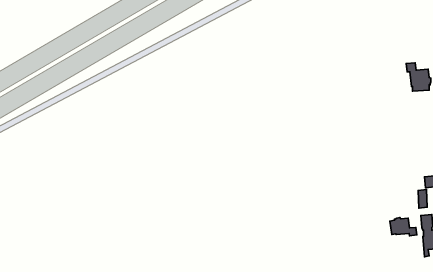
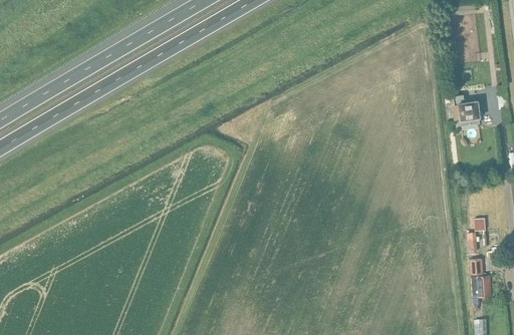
building: [390,217,417,236] -> none

